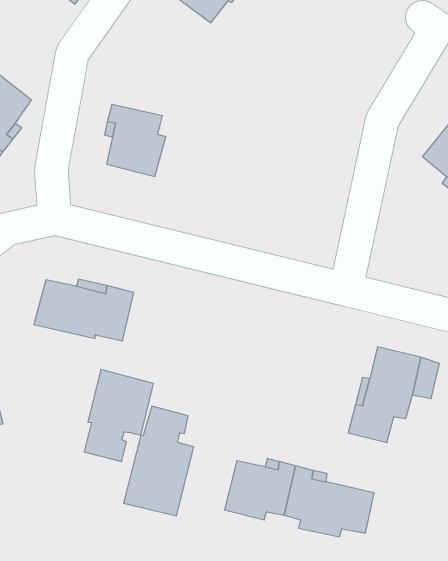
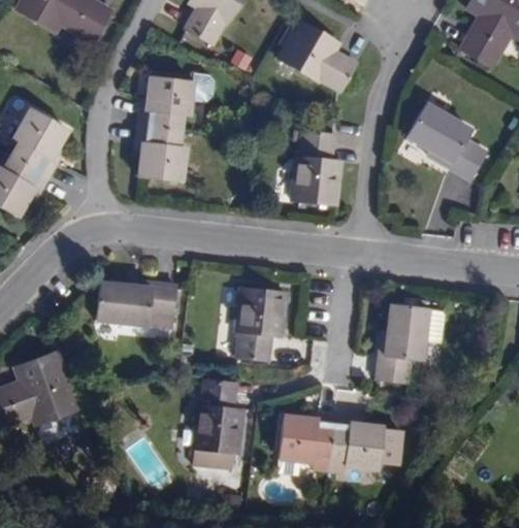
building: none -> [278,20,358,92]
building: none -> [137,76,194,130]
building: none -> [290,130,342,206]
building: [84,369,153,462] -> [235,286,287,362]

